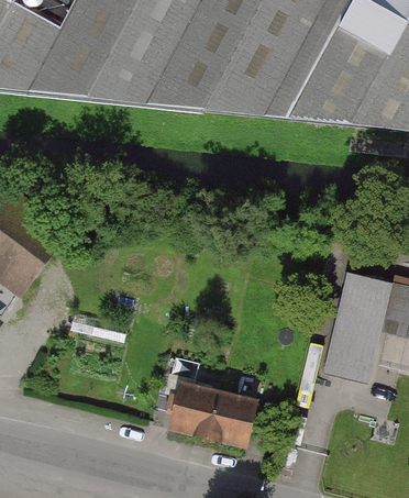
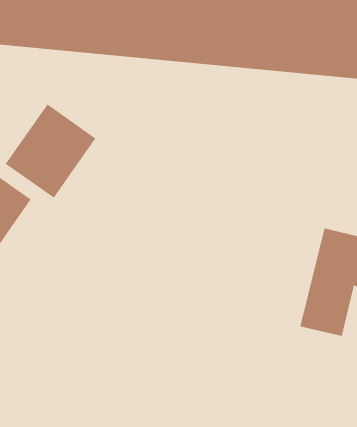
building: none -> [5,104,96,199]
building: [164,386,255,446] -> none

